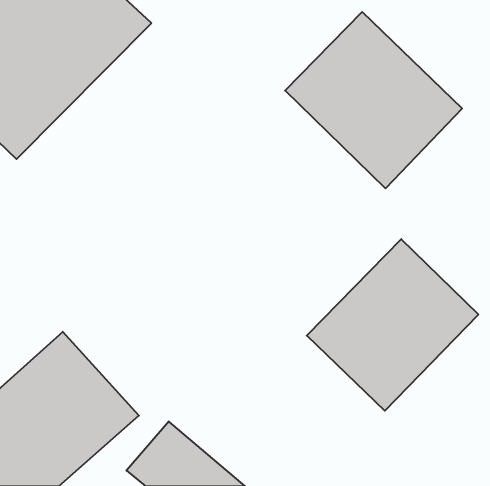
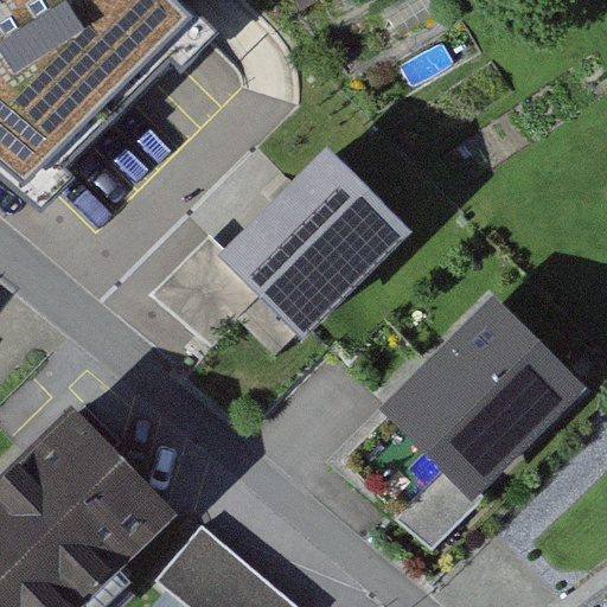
building: [285,12,462,188] -> none
building: none -> [155,161,403,347]

